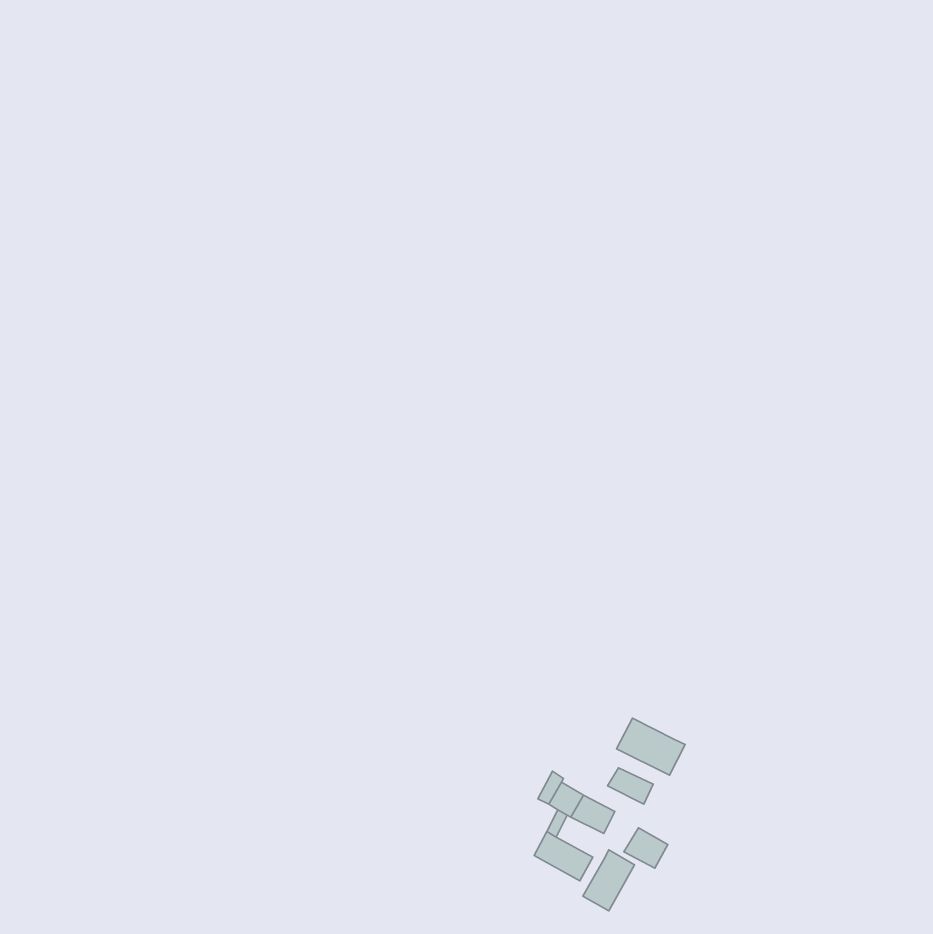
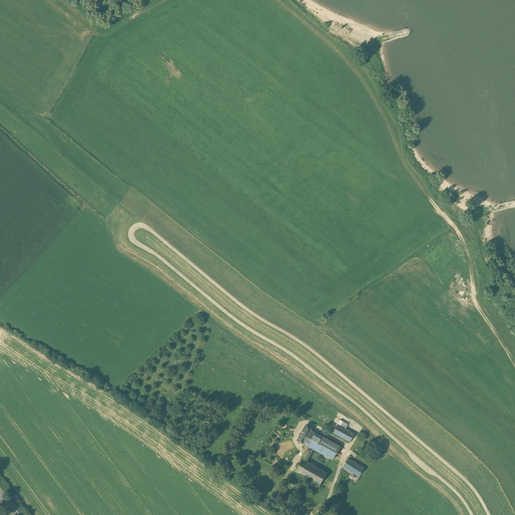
building: [617,718,685,775] -> none
building: [583,850,634,911] -> none

